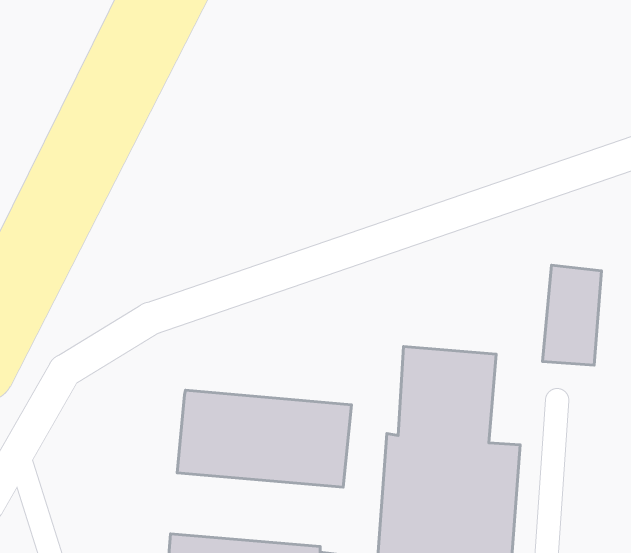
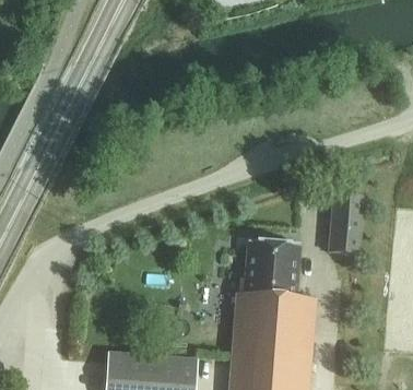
building: [177,390,352,487] -> none

